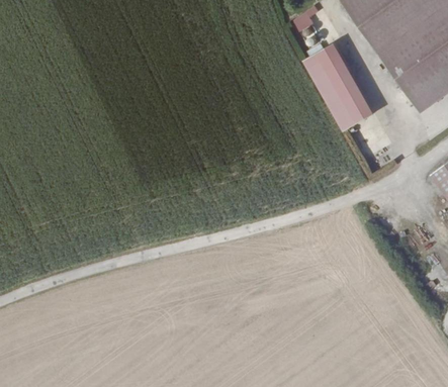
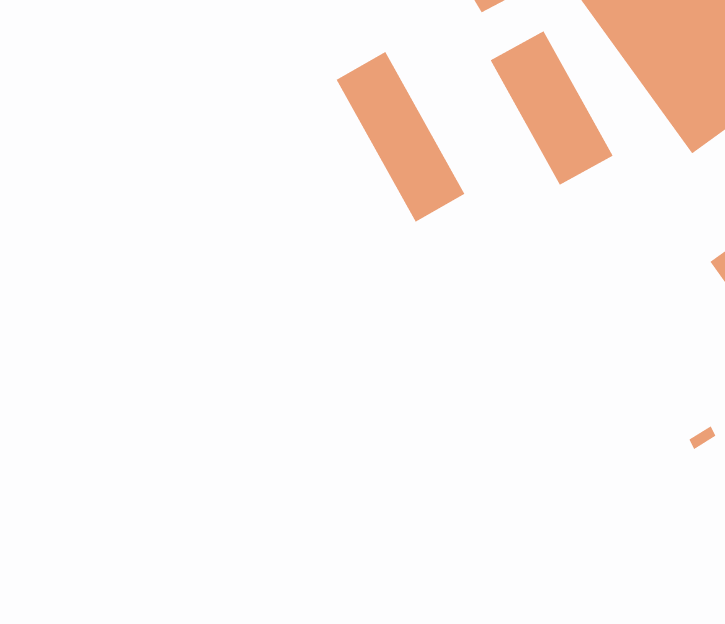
building: none -> [336,51,465,222]

